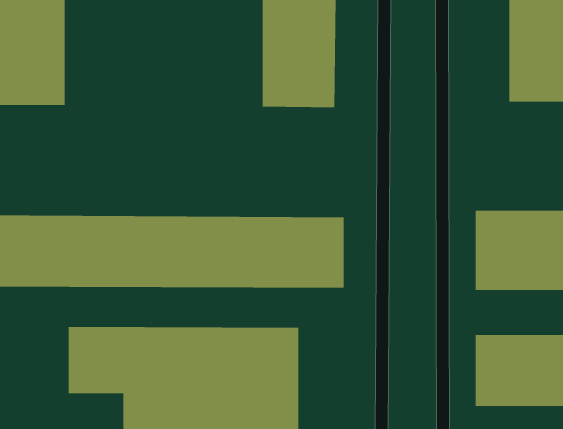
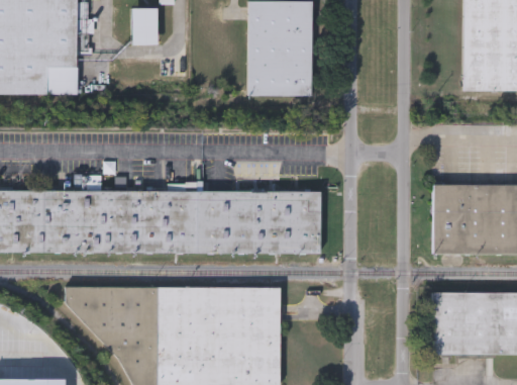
building: none -> [131,7,158,44]

